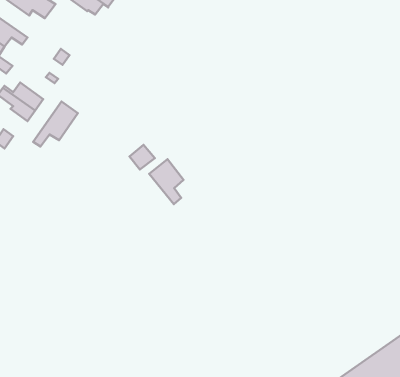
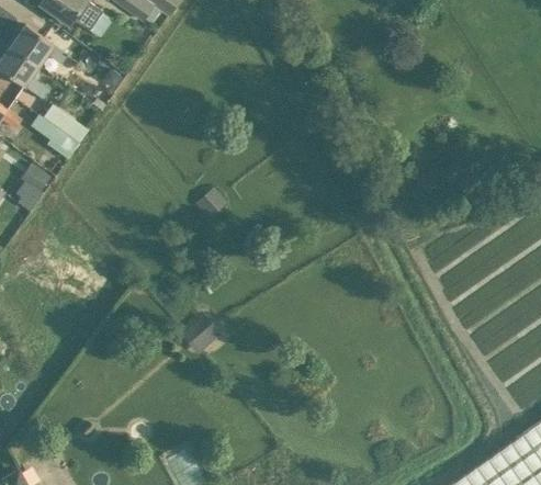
building: [33,101,78,146] -> none
building: [149,159,184,204] -> none
building: none -> [178,312,219,354]

